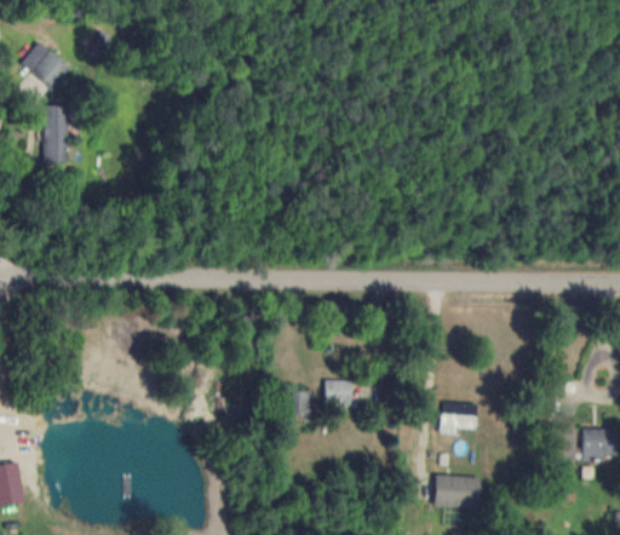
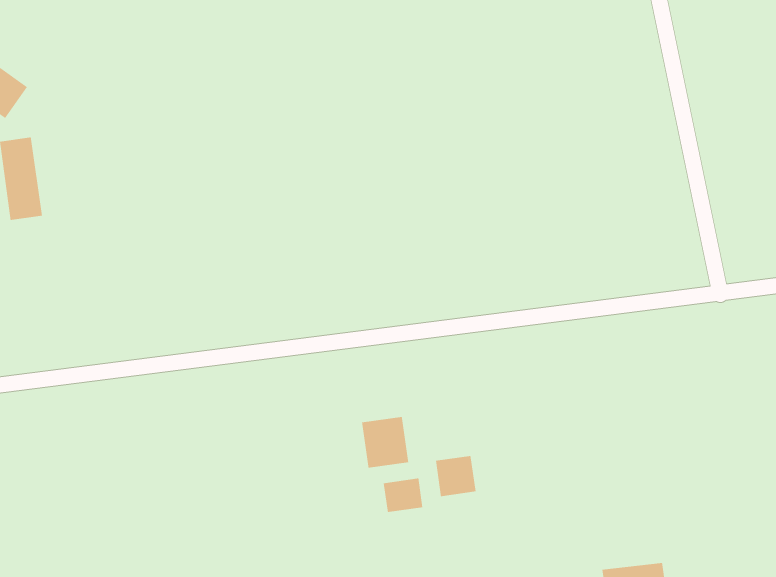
building: none -> [361,416,409,469]
building: [442,403,476,431] -> none

